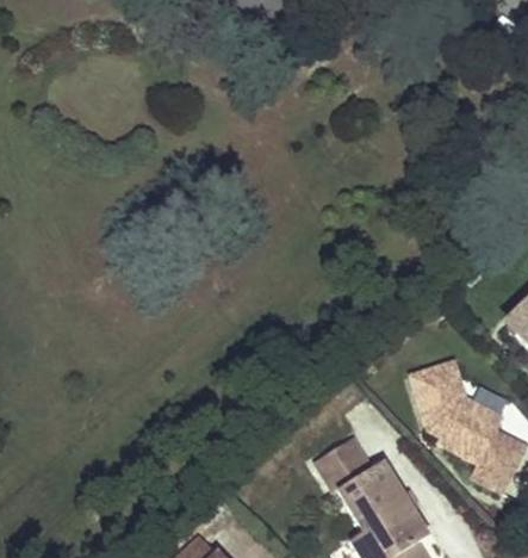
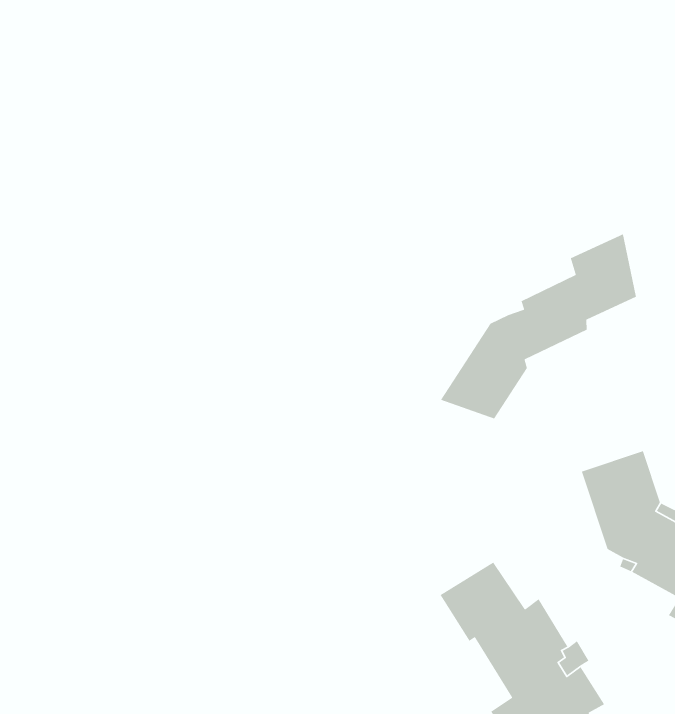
building: none -> [440,233,637,420]

